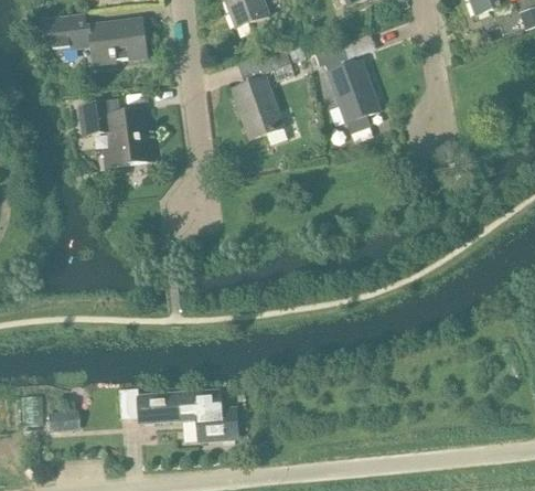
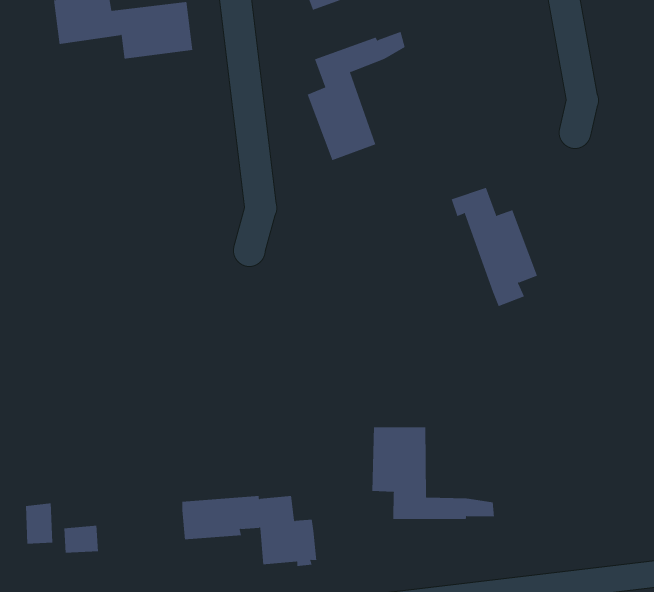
building: [315,44,381,134] -> [451,187,538,307]
building: [78,100,160,162] -> none
building: none -> [372,426,495,520]

